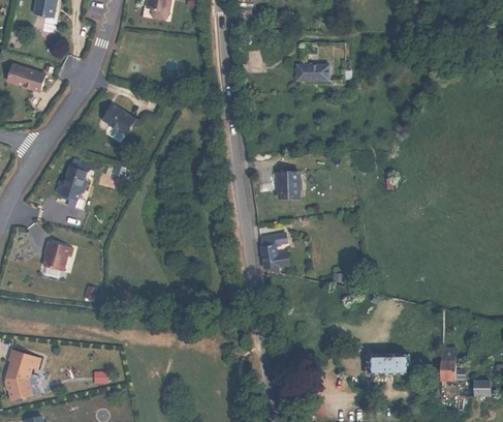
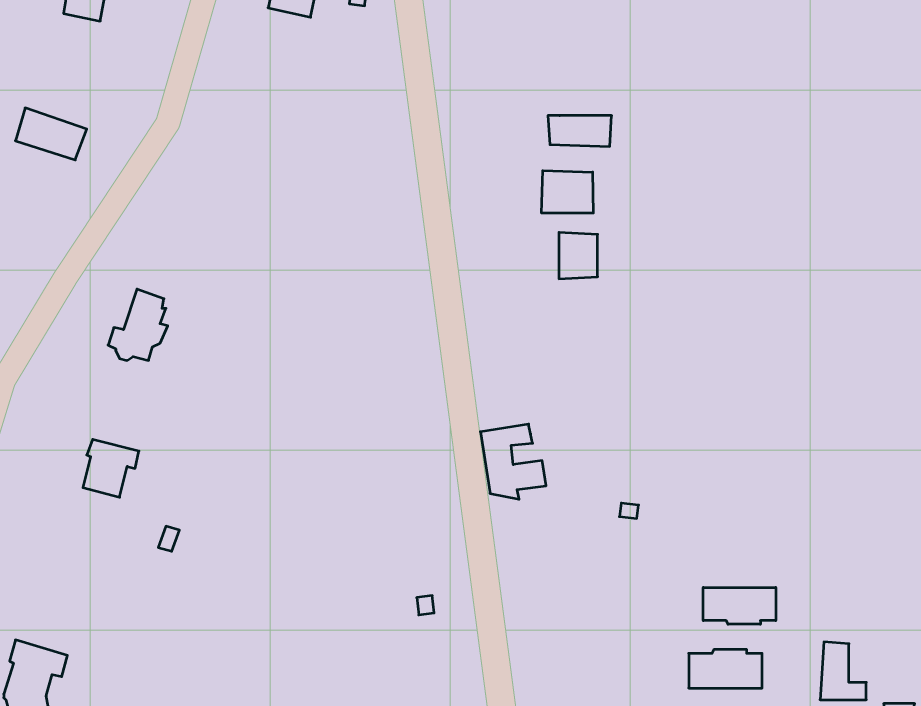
building: none -> [542,171,593,213]
building: [102,104,136,137] -> none
building: [276,173,296,198] -> [559,232,598,279]
building: none -> [703,587,776,624]

